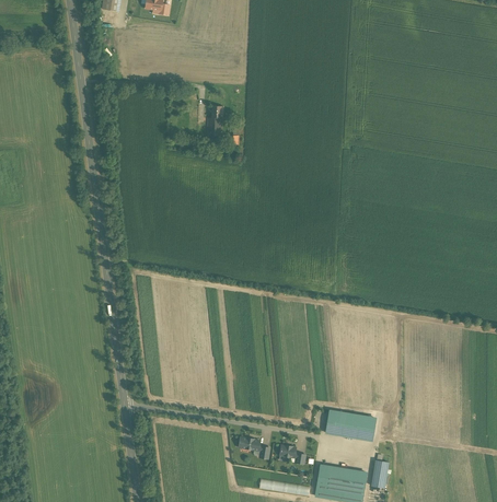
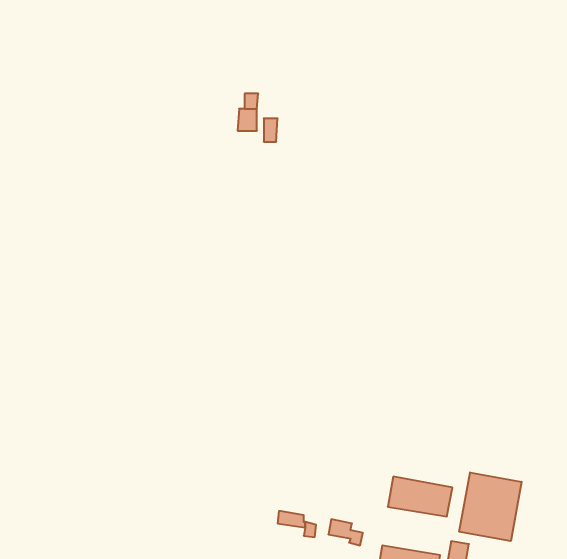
building: none -> [459,472,522,541]

